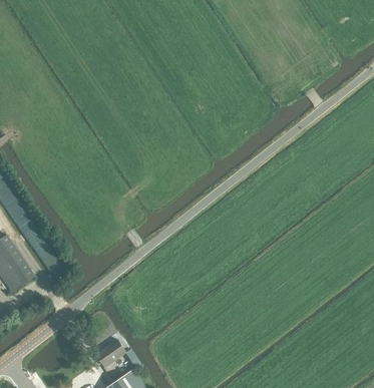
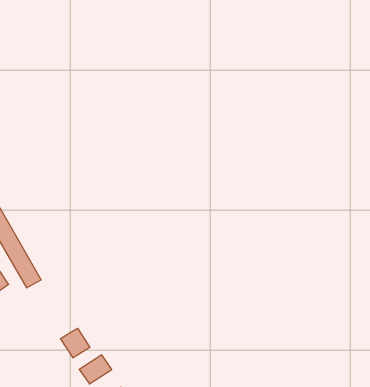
building: none -> [61,328,90,358]

